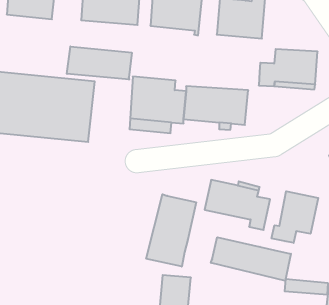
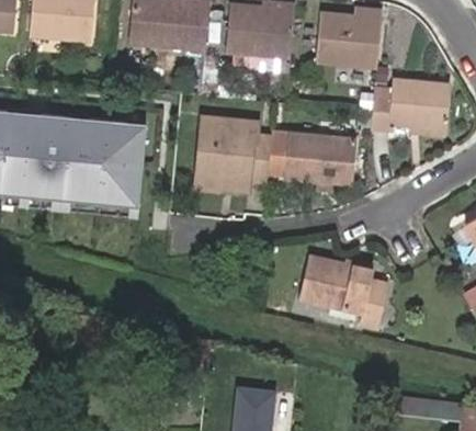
building: [67,46,132,80] -> none
building: [272,191,318,243] -> none
building: [146,194,196,267] -> none
building: [211,237,291,281] -> none

